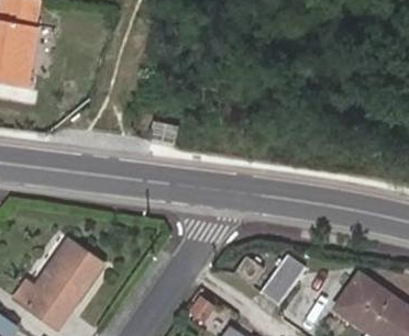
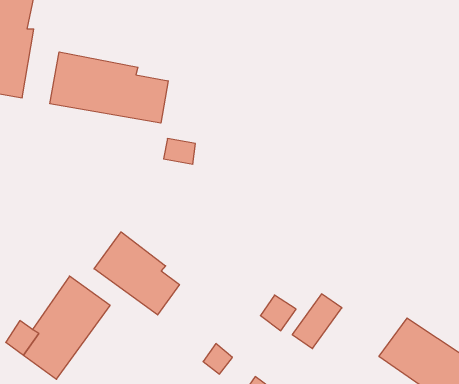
building: none -> [50,52,168,123]
building: none -> [94,232,179,315]

